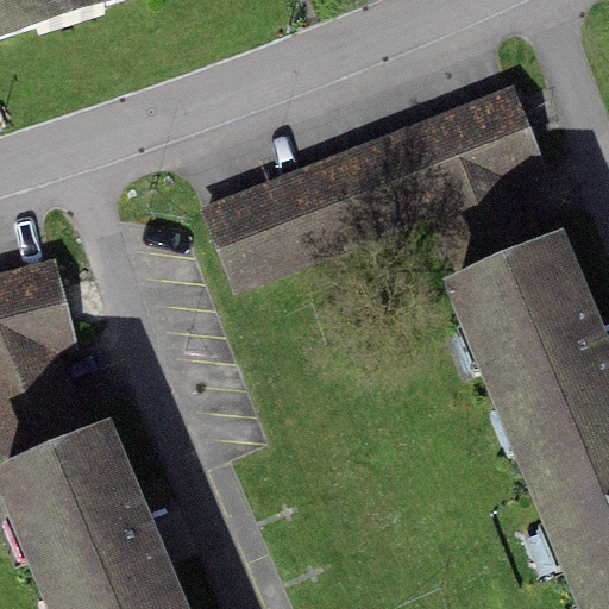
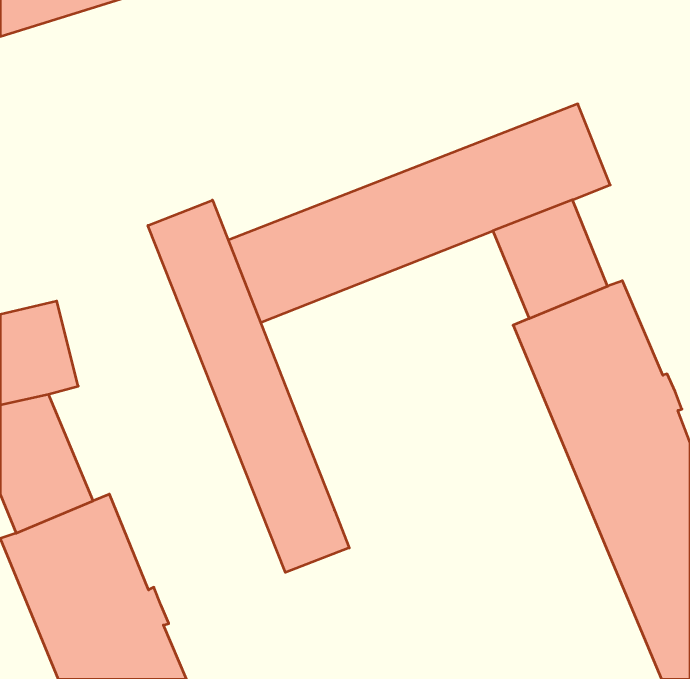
building: none -> [148,200,349,572]

